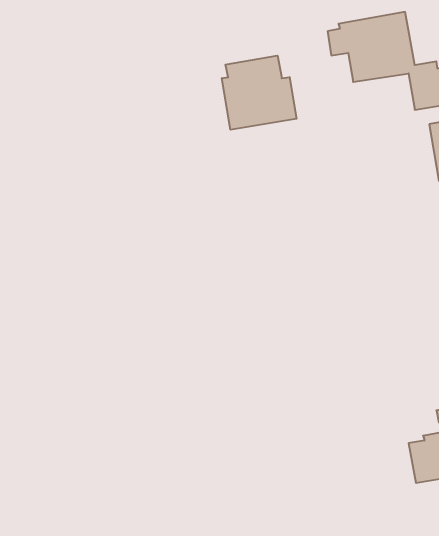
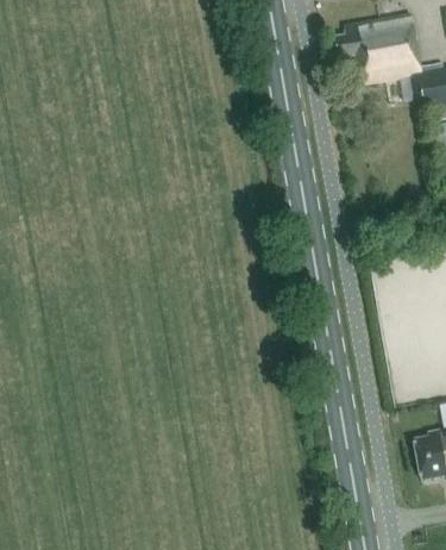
building: [222,56,297,130] -> none

